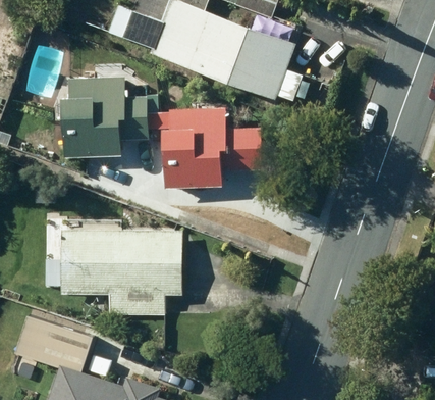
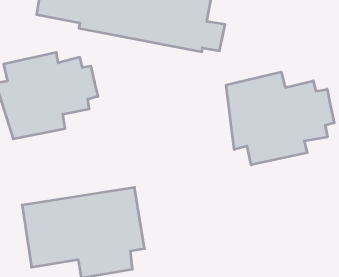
building: [157,107,261,191] -> none
building: none -> [226,72,334,165]

